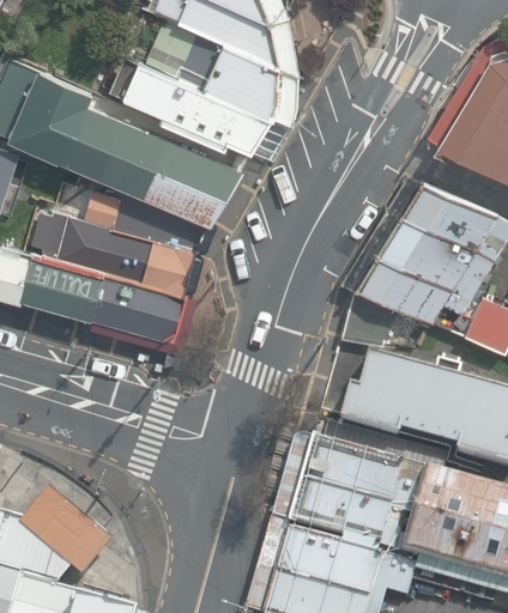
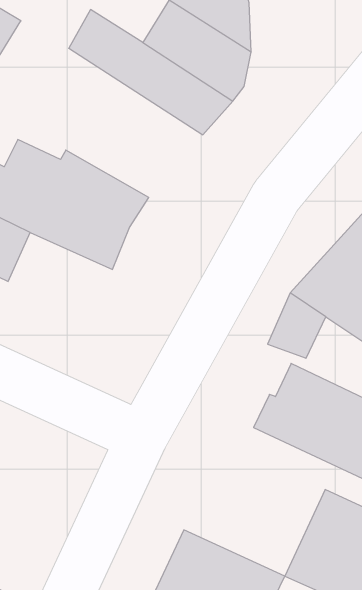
building: [60,103,244,221] -> none
building: [90,273,186,341] -> none
building: [294,439,419,554] -> none

